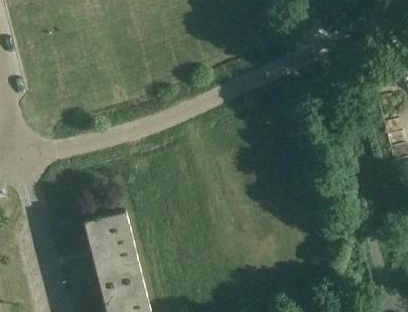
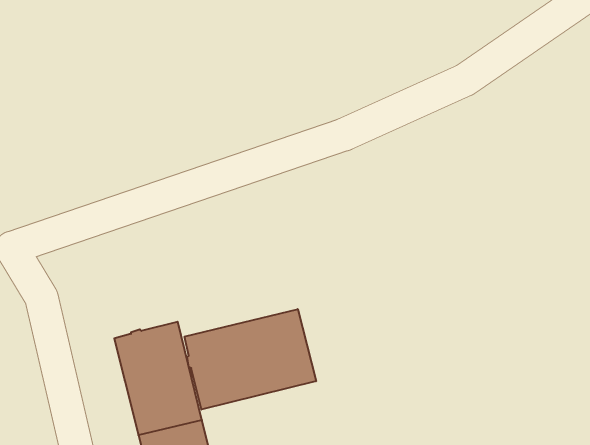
building: none -> [185,309,316,410]

